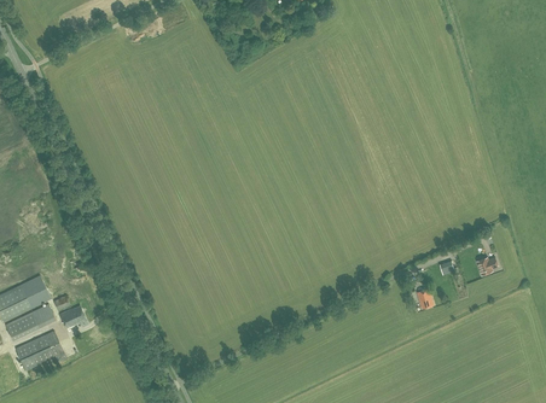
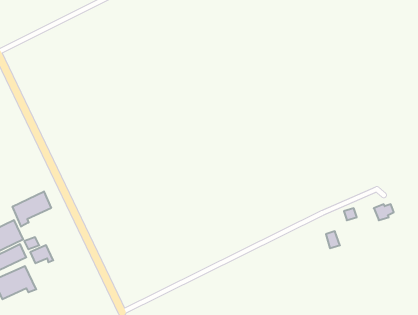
building: none -> [13,191,51,227]

